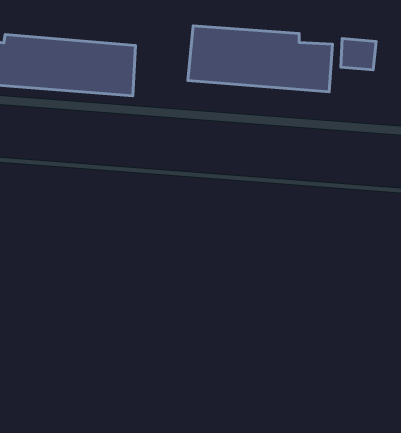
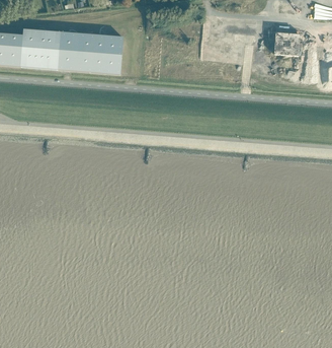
building: [188,26,332,92] -> none

